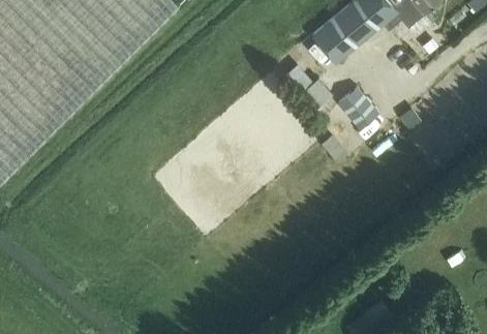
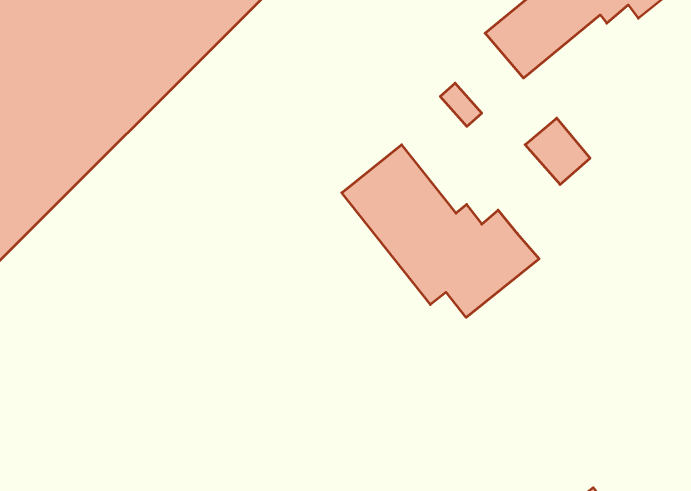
building: none -> [342,145,539,317]

